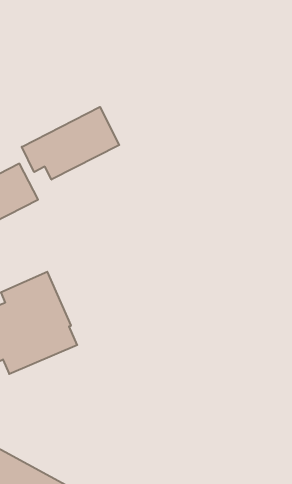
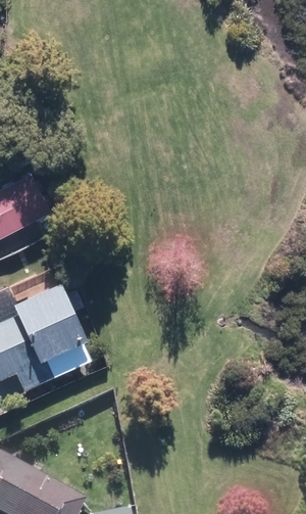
building: [22,107,119,180] -> none

